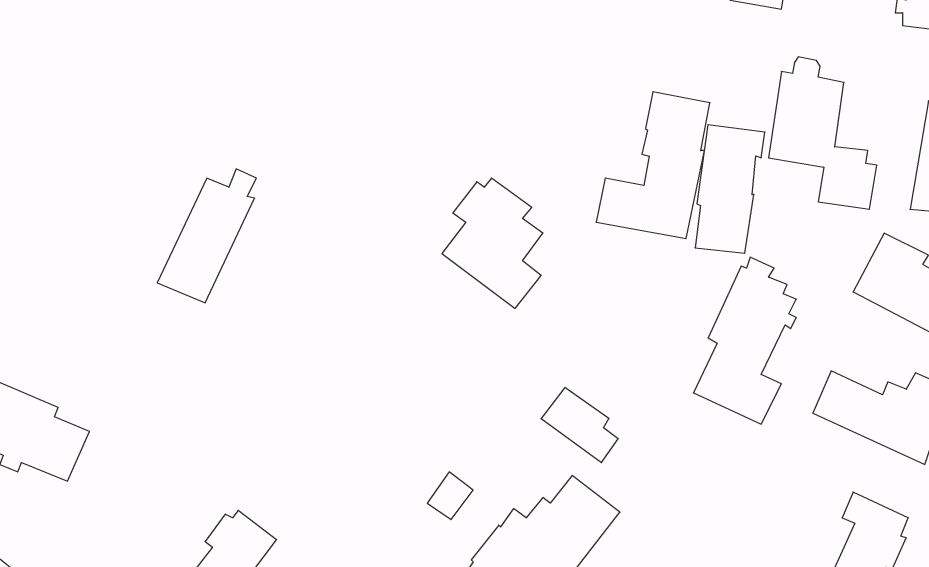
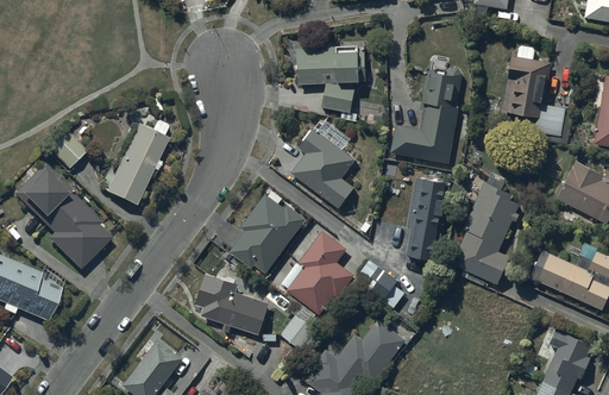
building: none -> [296,43,364,113]
building: [695,125,765,253] -> [406,175,451,258]
building: none -> [49,133,86,168]
building: none -> [13,163,111,269]
building: none -> [228,184,304,274]
building: none -> [280,230,353,315]
building: none -> [201,274,269,333]

